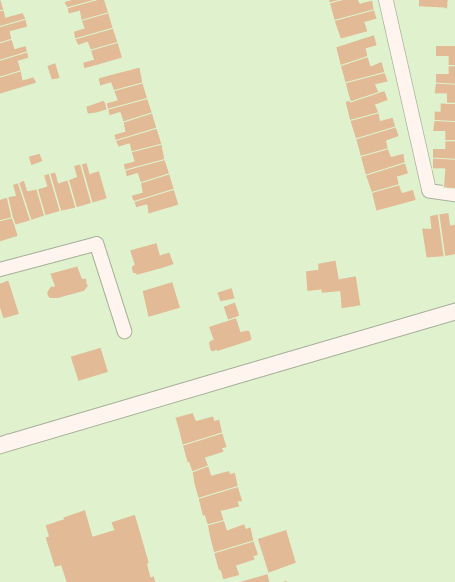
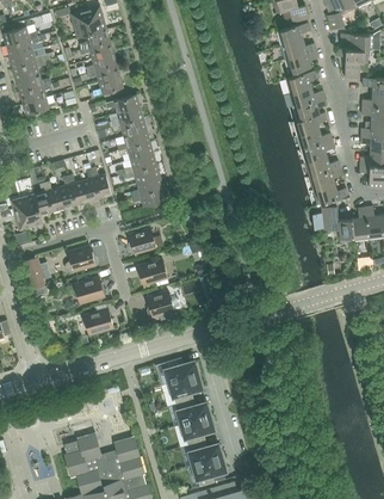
building: none -> [336,48,368,78]
building: [305,260,361,309] -> [312,205,355,242]
building: none -> [75,277,107,303]
building: [208,318,252,352] -> [147,290,180,316]
building: [257,529,297,574] -> none

